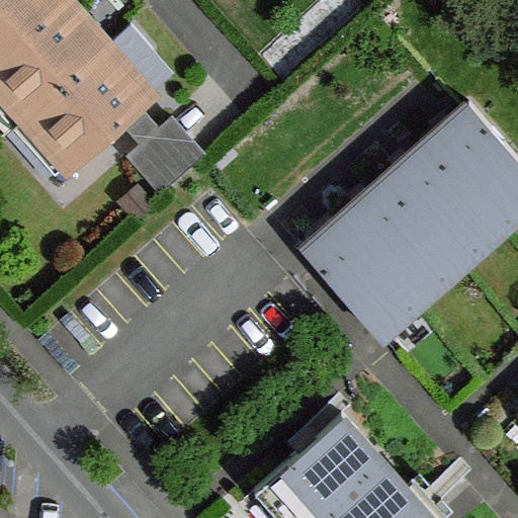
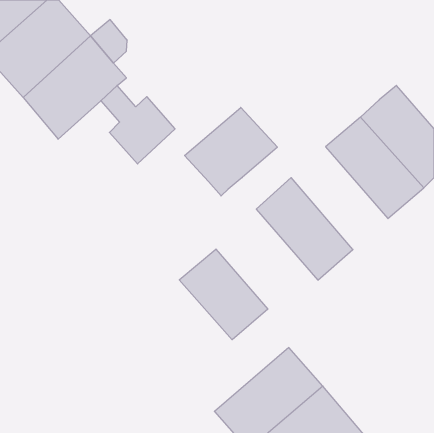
building: none -> [185,107,277,196]
building: [345,178,459,299] -> none
building: none -> [179,249,268,340]

